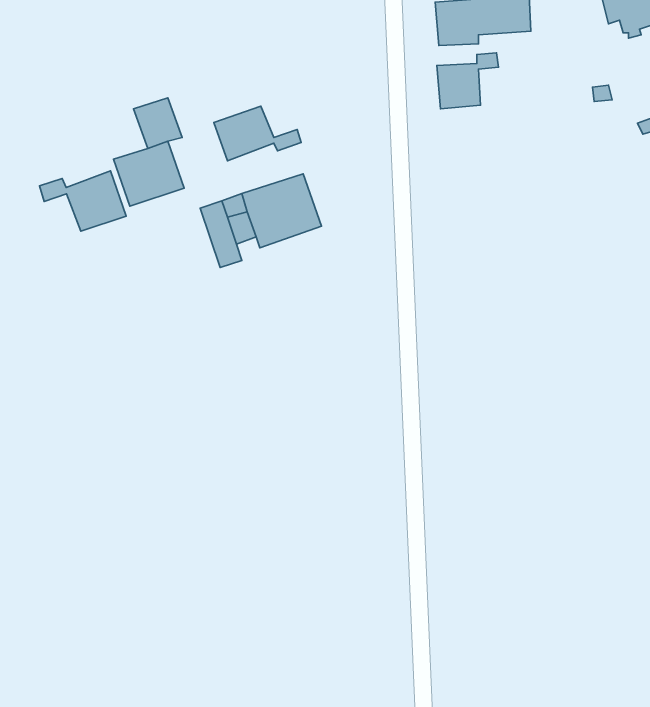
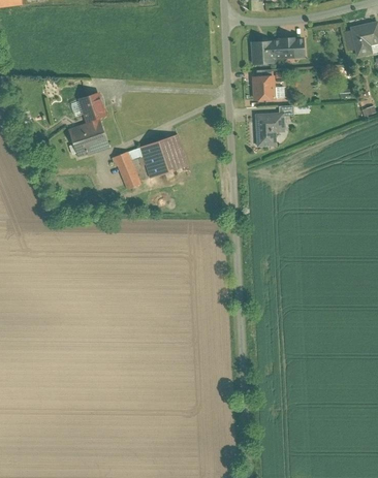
building: [214,106,301,161] -> none
building: none -> [254,104,309,146]
building: [40,171,126,231] -> none

